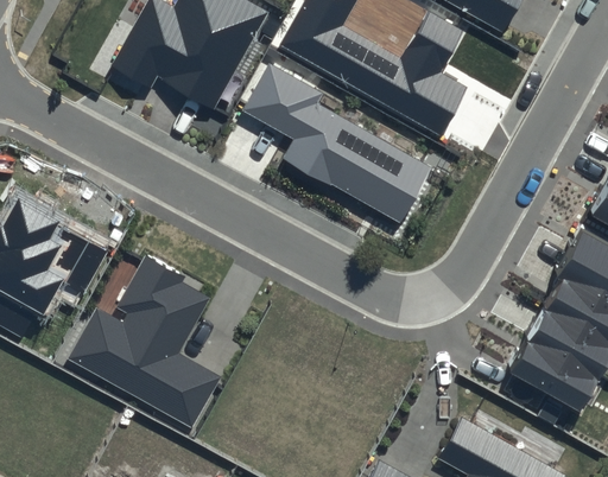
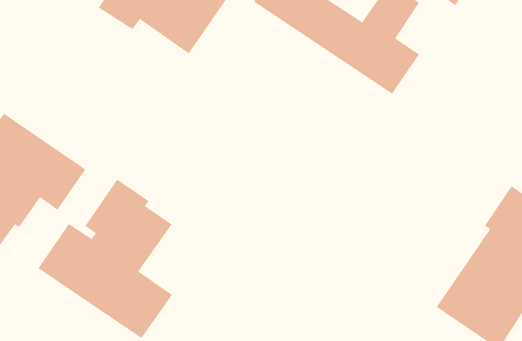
building: [242,63,432,225] -> none

